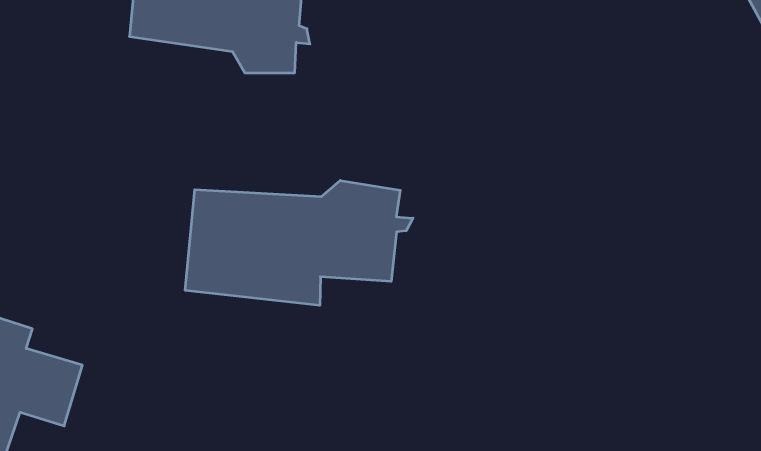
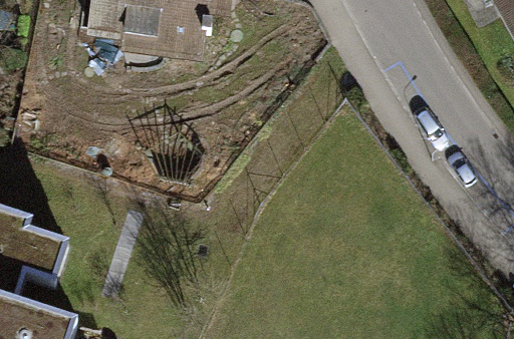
building: [185,180,413,305] -> none

